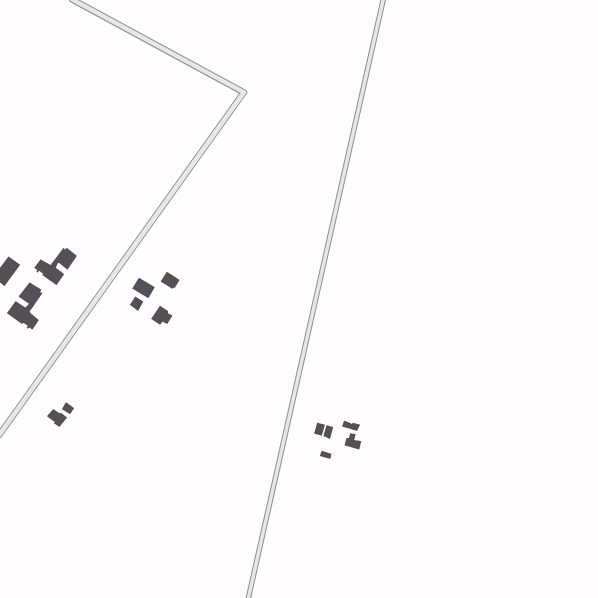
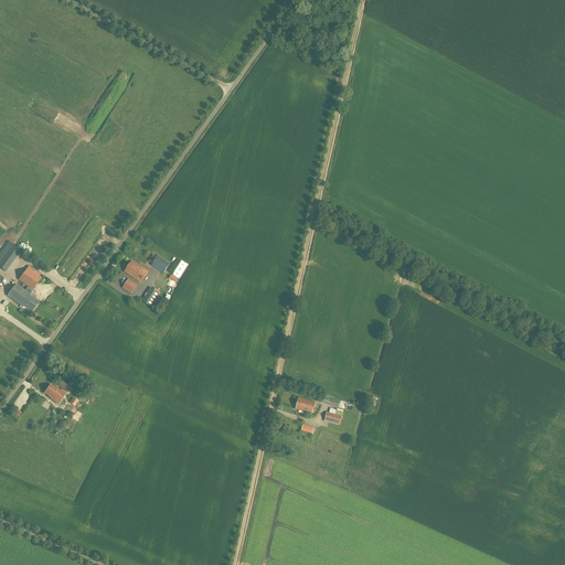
building: [33,247,78,286] -> none

